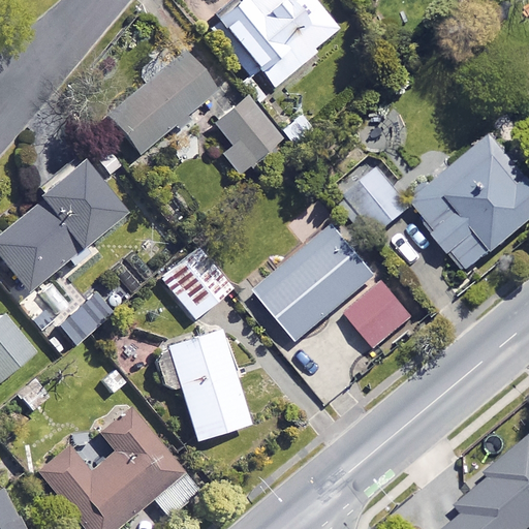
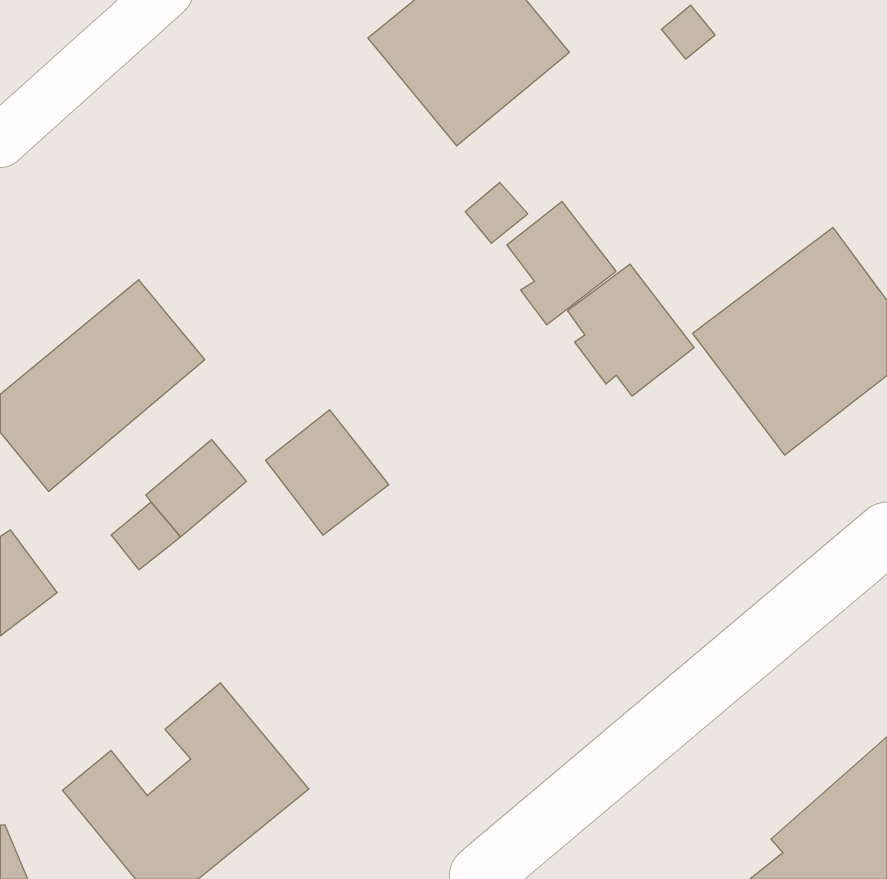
building: [107,52,216,155] -> none
building: [215,97,280,170] -> [507,202,616,325]
building: [256,223,415,348] -> none
building: [165,331,250,441] -> none

